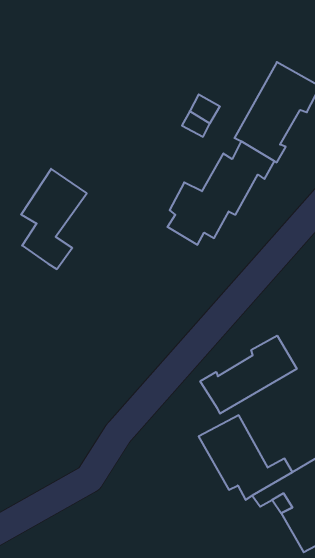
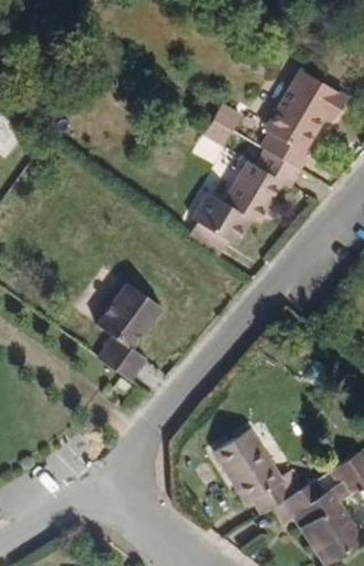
building: [21,169,87,269] -> [87,279,153,378]
building: [200,336,297,414] -> none

